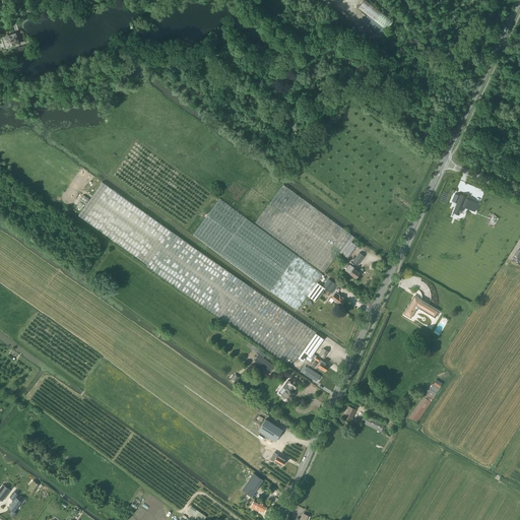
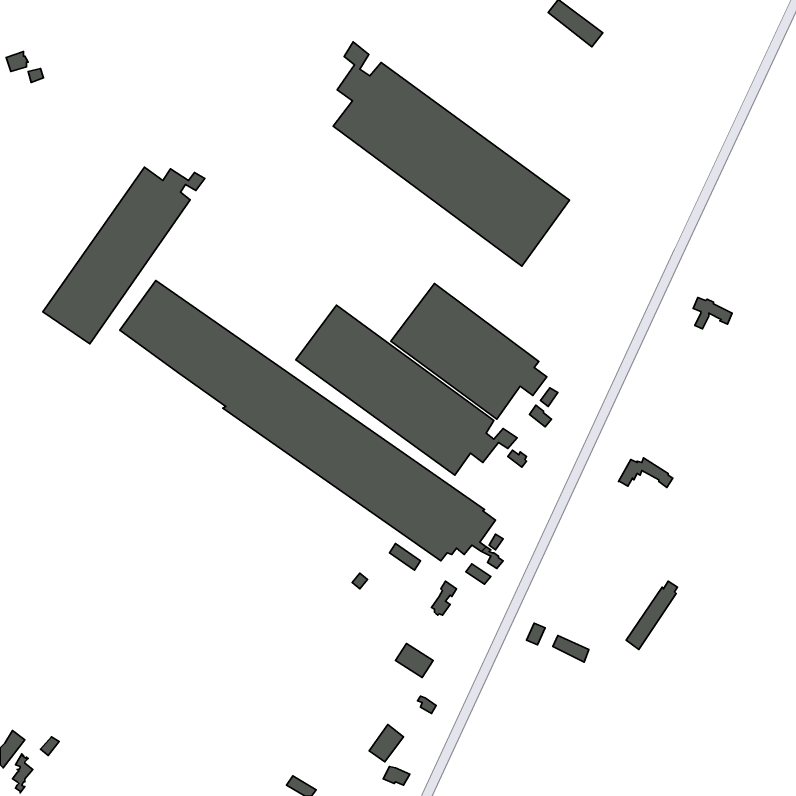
building: none -> [333,42,569,266]
building: none -> [43,167,205,344]

